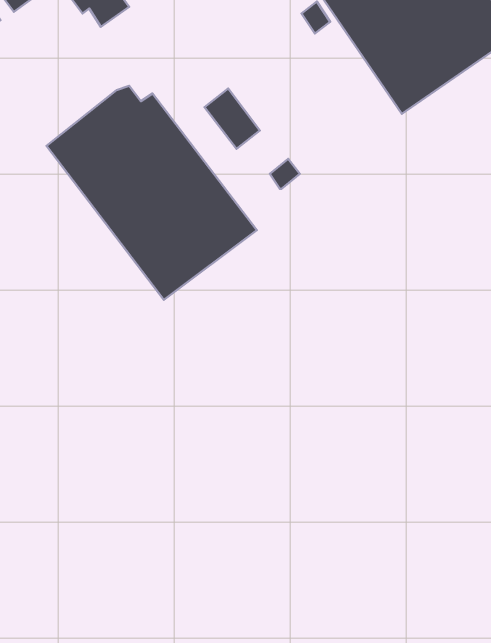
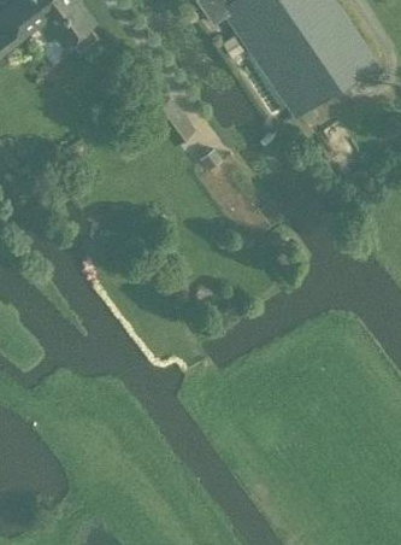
building: [47,86,257,300] -> none

